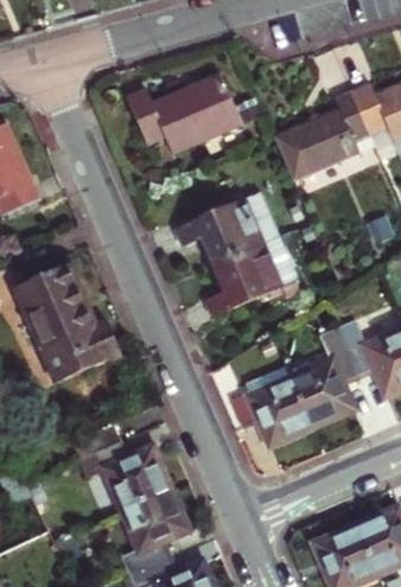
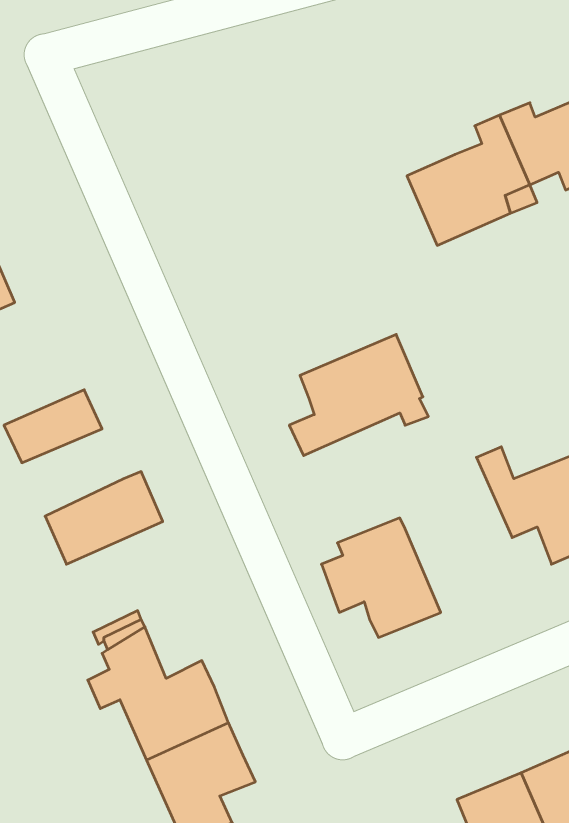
building: [127,72,240,152] -> none
building: [179,192,280,263] -> none
building: [31,299,98,357] -> none
building: [286,318,357,421] -> none

